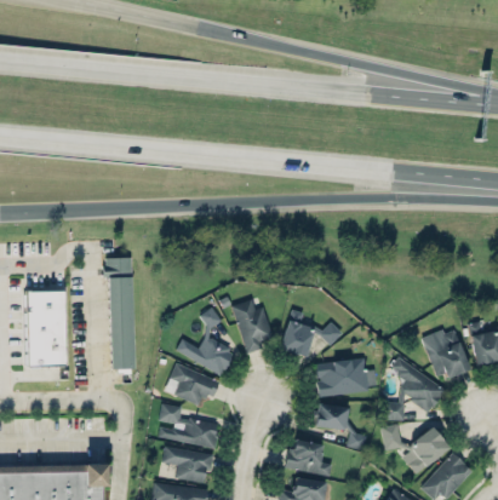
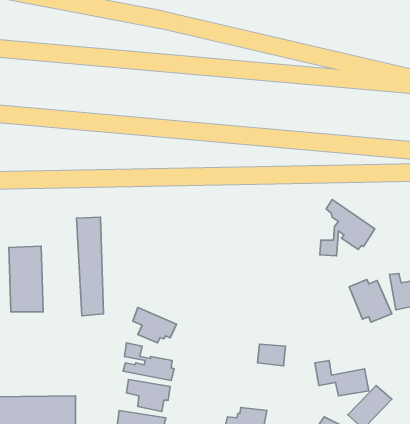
building: [233,300,271,354] -> none
building: [176,308,236,379] -> none
building: [281,310,339,358] -> none
building: [384,356,448,421] -> [320,200,375,256]
building: [315,357,377,398] -> none
building: [286,441,331,476] -> none

